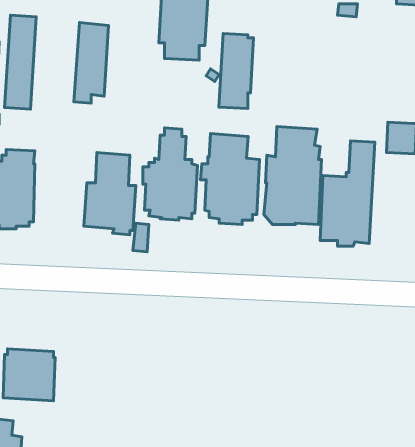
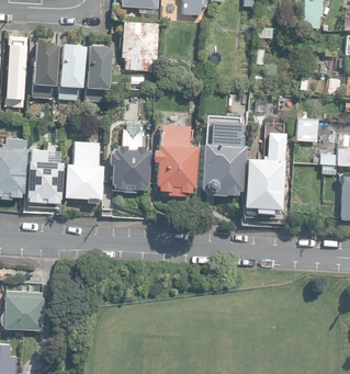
building: none -> [32,41,58,97]
building: [219,34,254,109] -> [84,44,111,101]
building: none -> [27,149,65,203]

